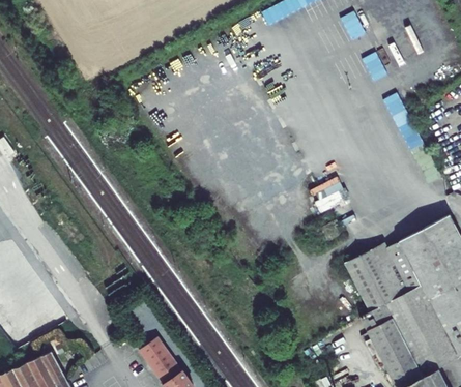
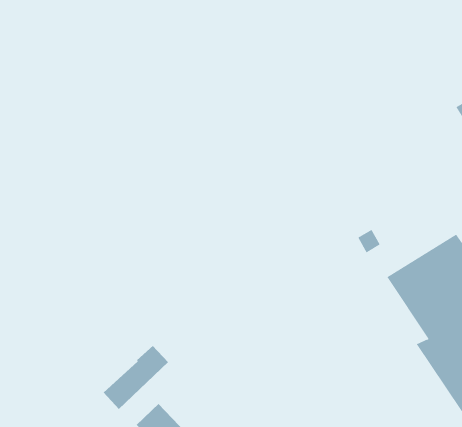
building: none -> [103,345,169,410]

